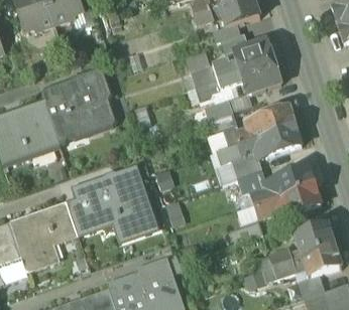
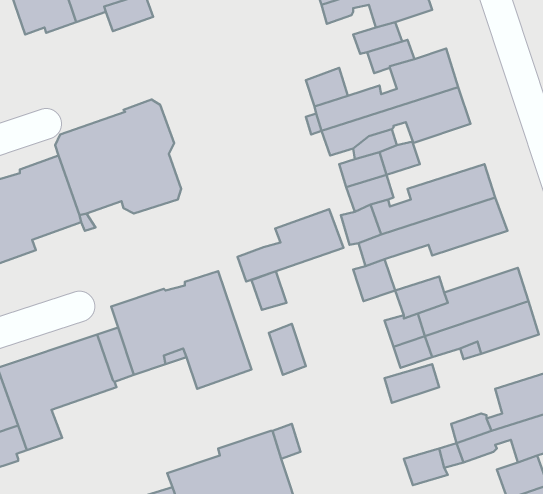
building: none -> [238,209,344,282]
building: [232,151,263,177] -> none

